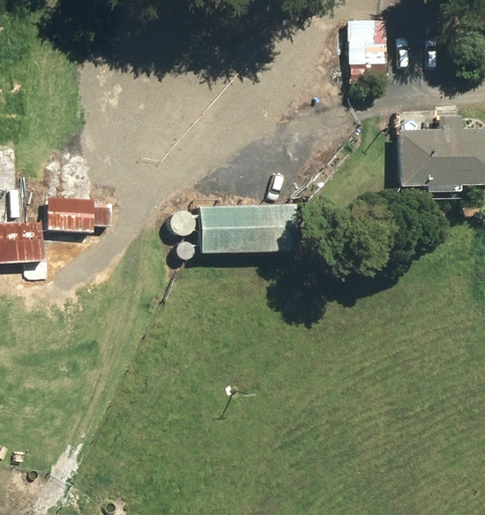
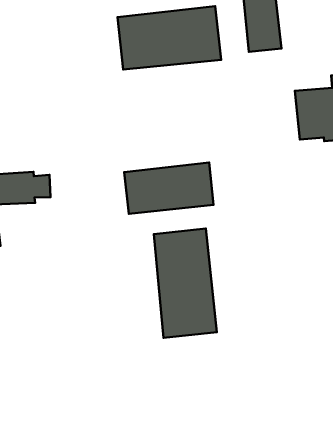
building: none -> [118,6,221,69]
building: none -> [154,229,217,338]

